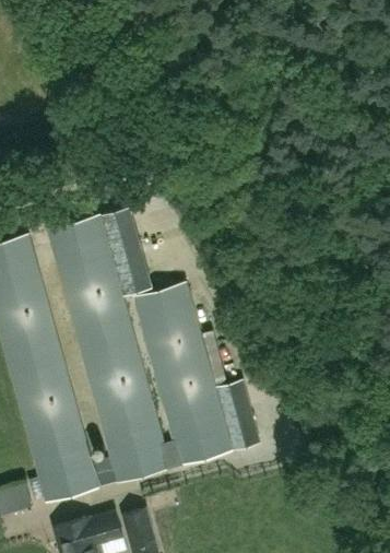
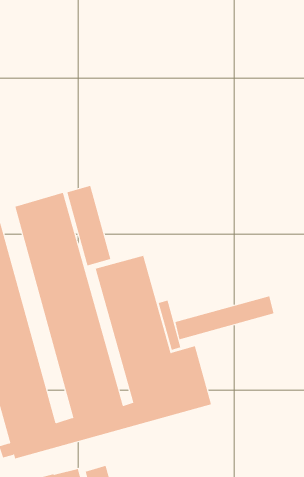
building: none -> [175,295,274,340]

